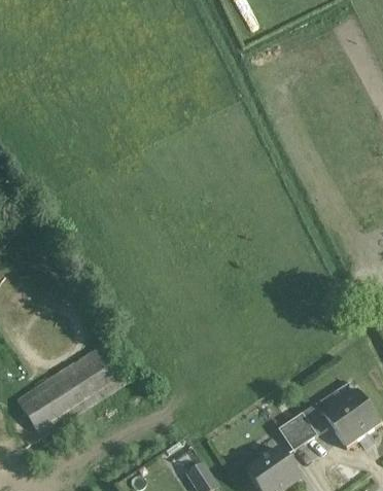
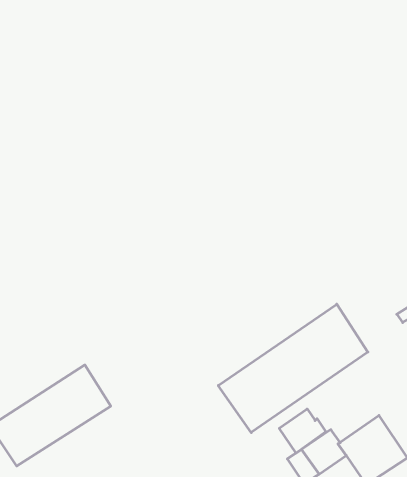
building: none -> [218,304,368,433]
building: none -> [279,409,326,453]

